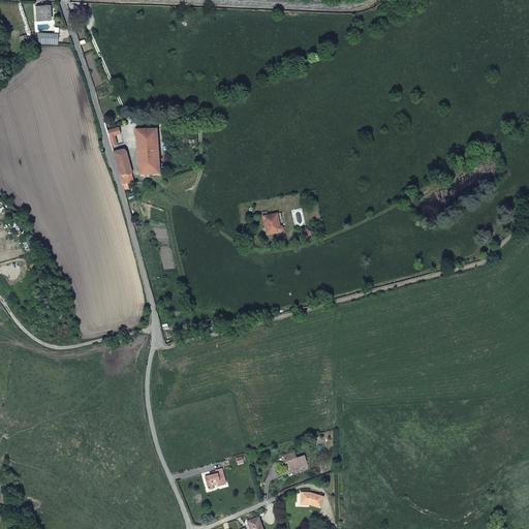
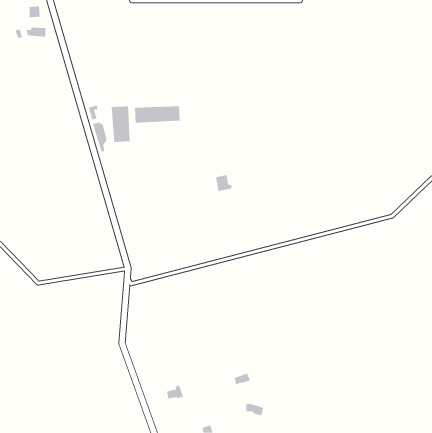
building: none -> [134,106,180,123]

